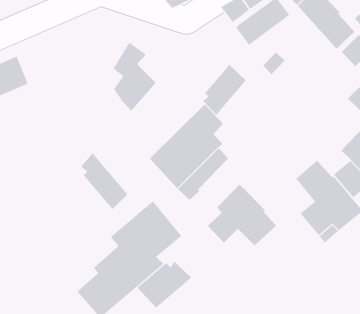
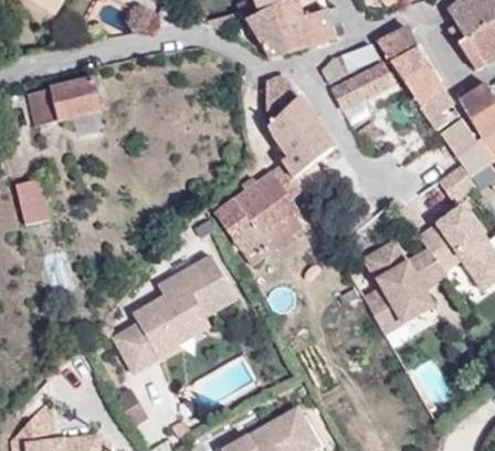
building: [113,42,157,112] -> [271,76,318,151]
building: [80,153,128,210] -> none
building: [207,184,277,246] -> none
building: [136,261,192,308] -> none

